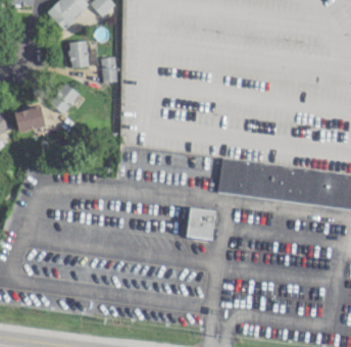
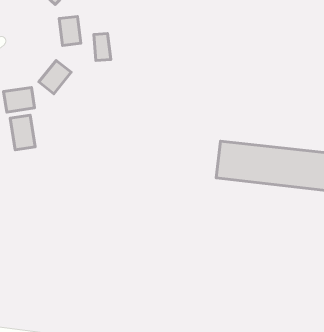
building: none -> [10,115,35,150]
building: [186,206,215,239] -> none

